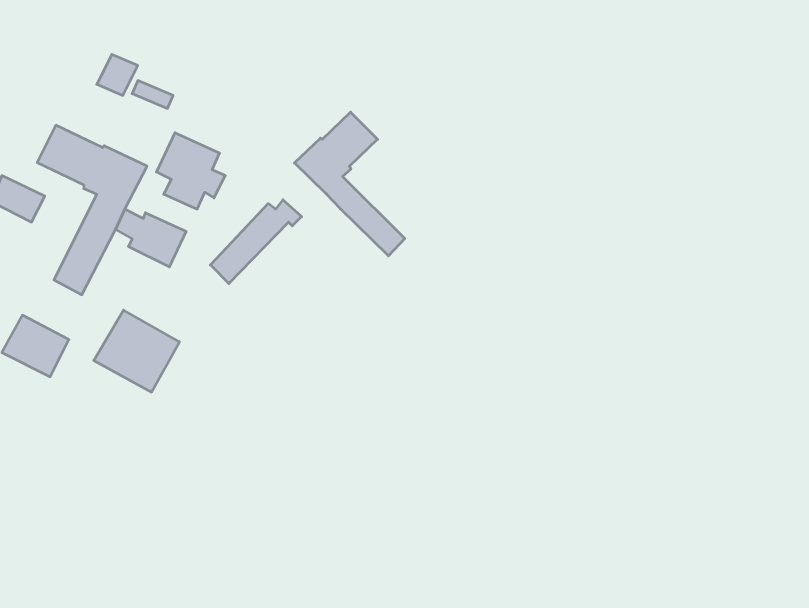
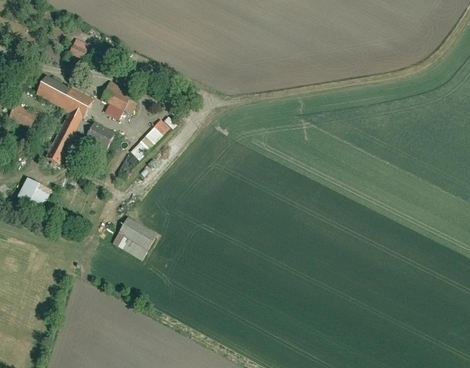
building: [294,112,405,256] -> none
building: [94,310,179,392] -> [111,216,157,260]

